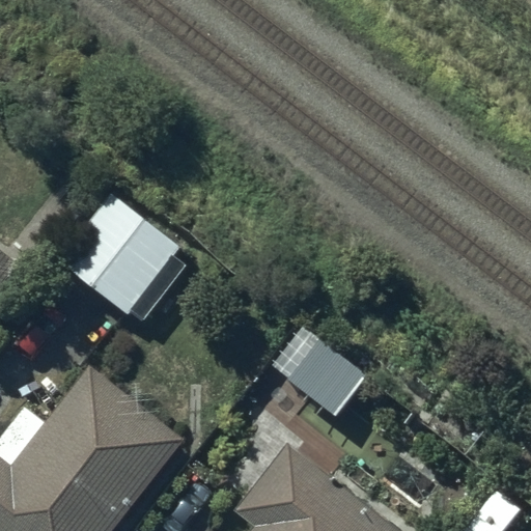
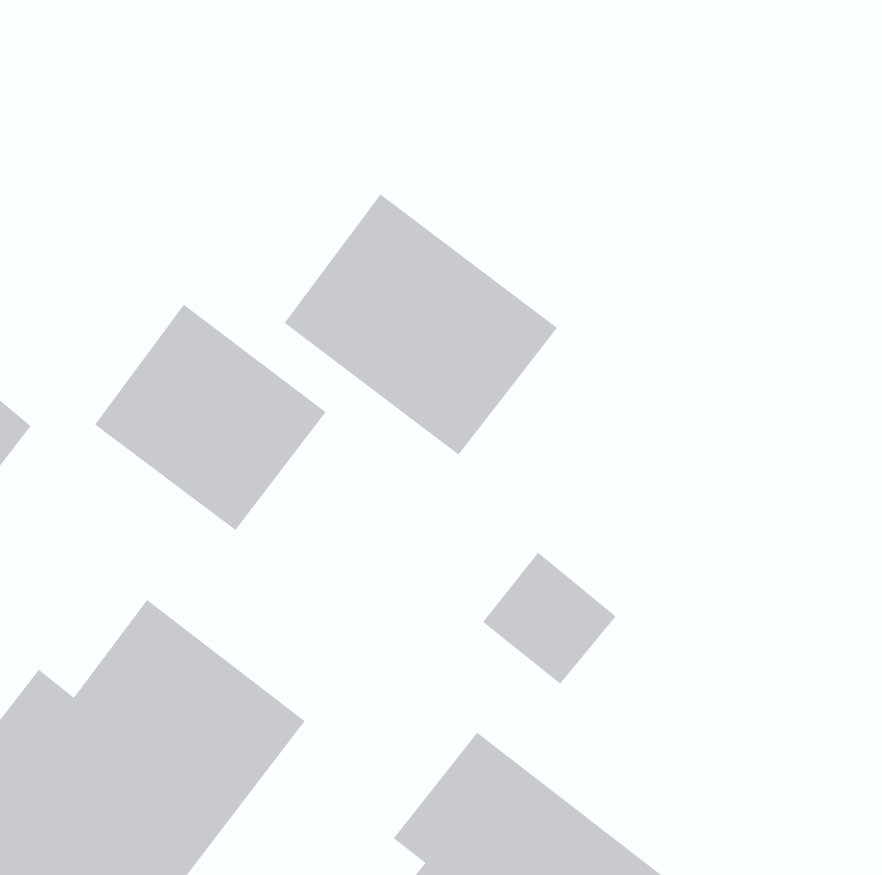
building: none -> [284,193,558,456]

